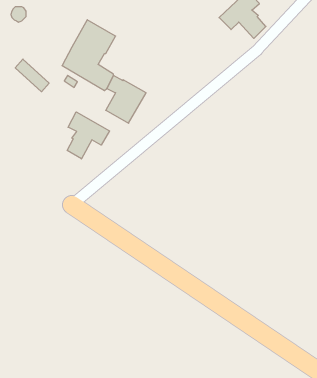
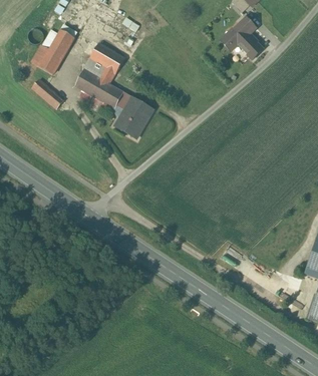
building: none -> [30,29,73,74]
building: [67,112,110,159] -> none

